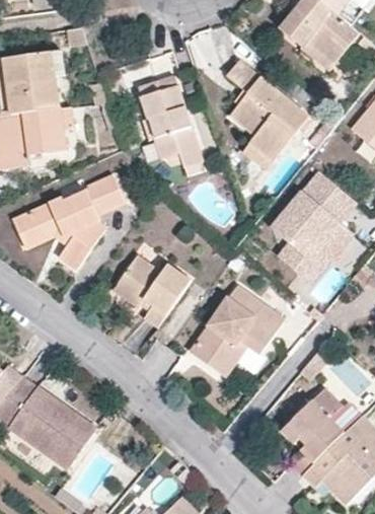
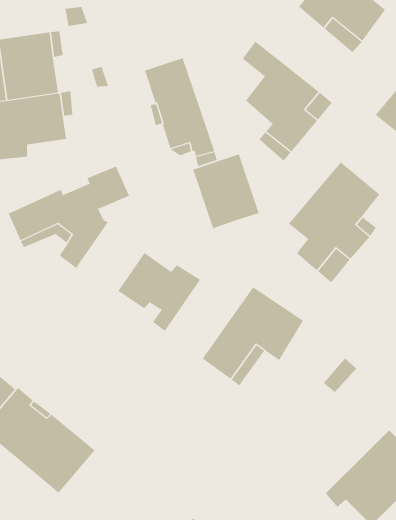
building: none -> [193,153,260,229]
building: [283,388,345,474] -> none

